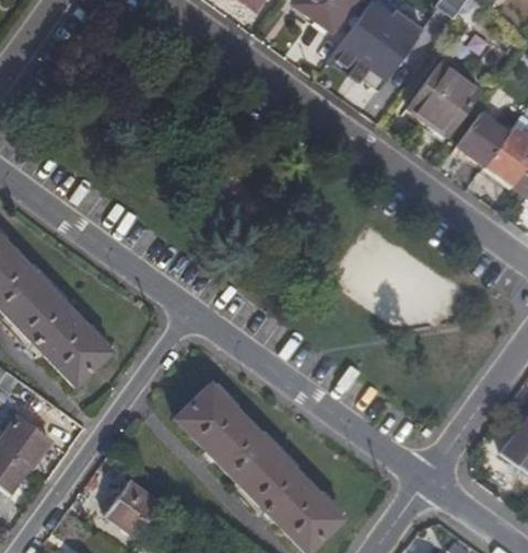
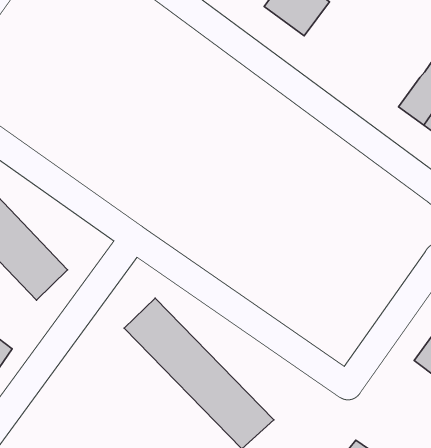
building: [409,63,479,134] -> none
building: [457,115,508,167] -> none
building: [106,479,162,537] -> none

